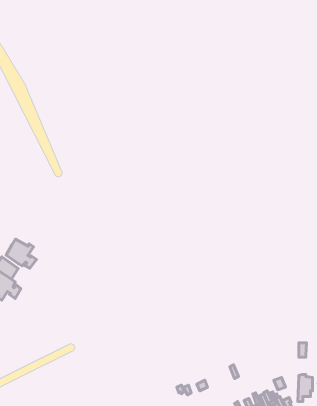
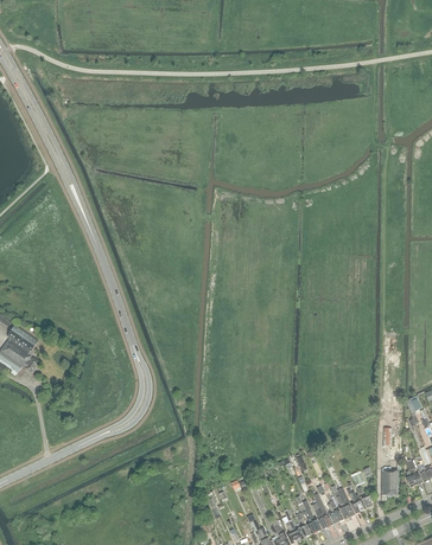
building: [6,239,36,268] -> none

